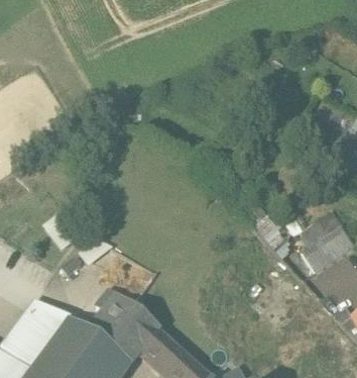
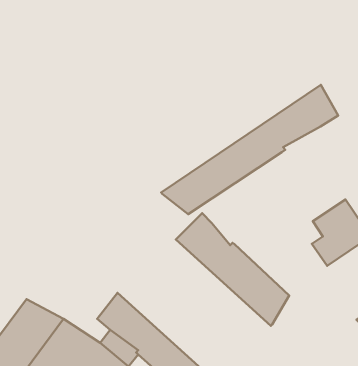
building: none -> [161,85,338,214]
building: none -> [176,213,289,326]

